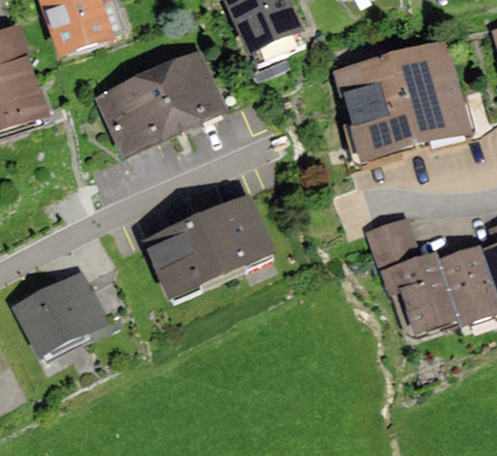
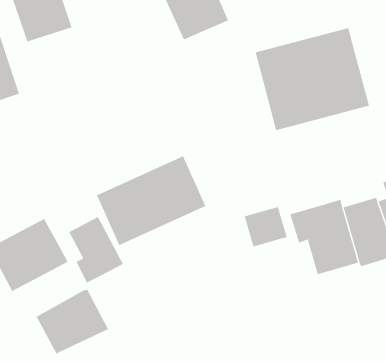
building: [94,49,225,156] -> none
building: [365,213,417,262] -> [244,206,288,247]
building: none -> [68,216,124,284]
building: none -> [36,289,109,355]

